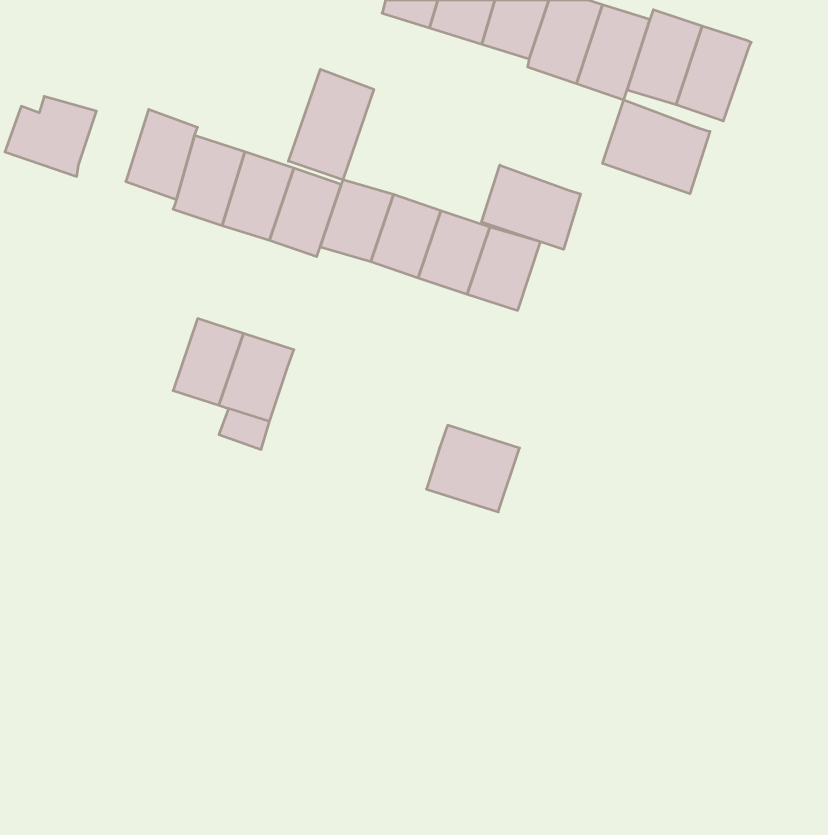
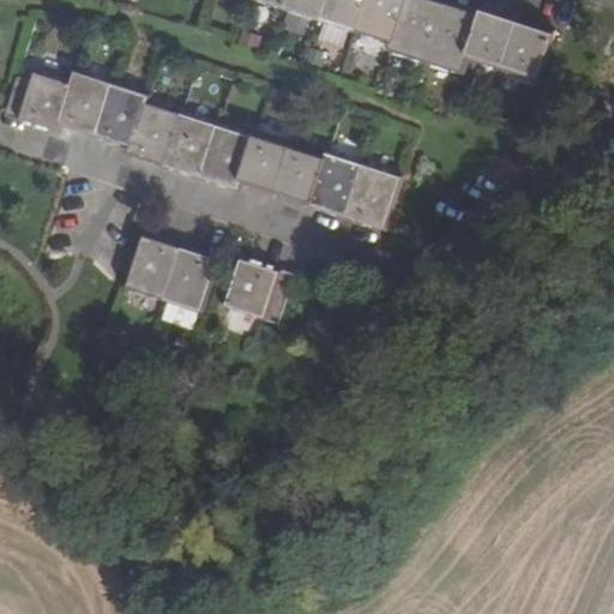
building: [288,69,374,180] -> none
building: none -> [58,68,109,133]
building: [603,100,710,194] -> none
building: [482,165,581,249] -> none
building: [426,425,520,512] -> [223,259,291,323]

